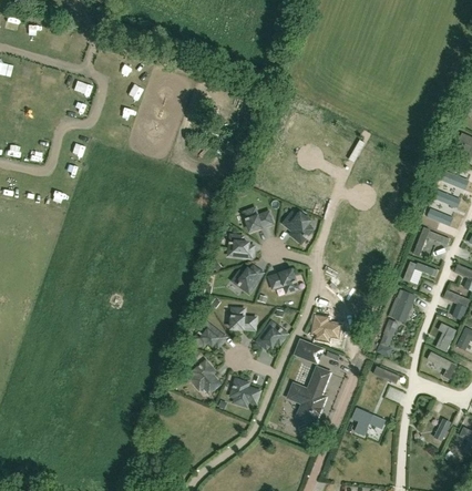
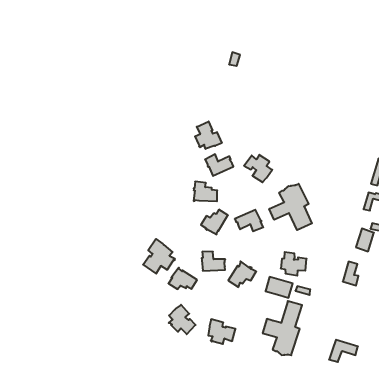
building: none -> [195,121,222,149]
building: none -> [269,184,312,230]
building: none -> [143,239,175,274]

